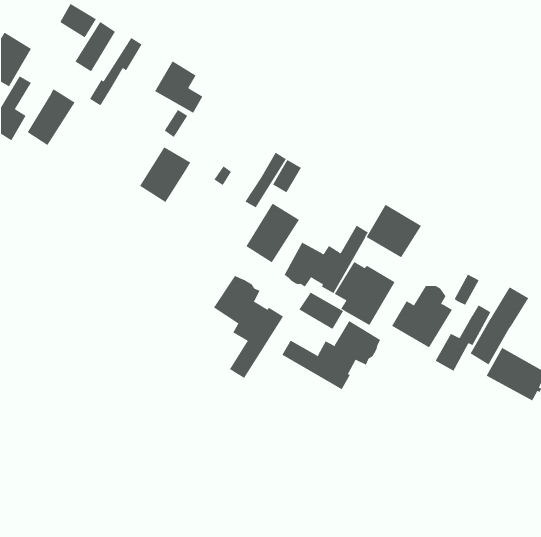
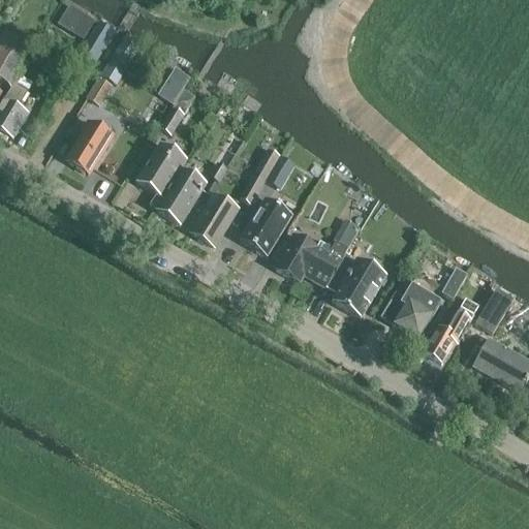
building: [27,89,76,146] -> [68,117,116,173]
building: none -> [156,166,208,224]
building: none -> [192,193,239,245]
building: [366,204,422,258] -> none
building: [213,275,284,379] -> none
building: [299,292,344,330] -> none
building: [282,320,381,390] -> none

